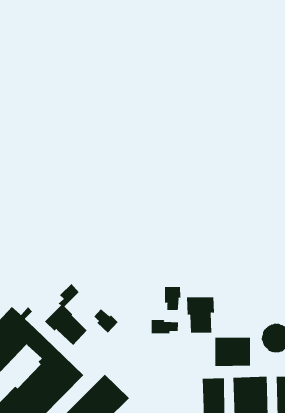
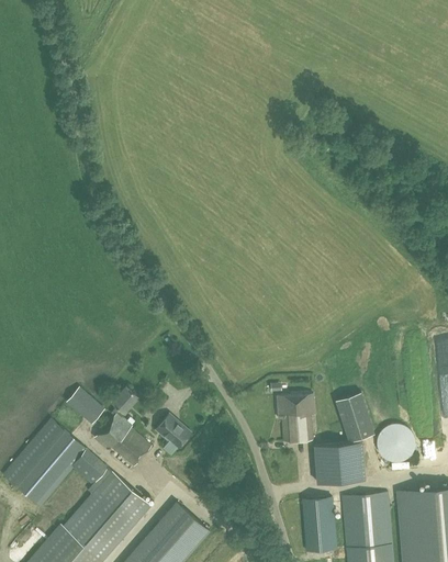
building: none -> [67,387,104,424]
building: [164,286,181,311] -> none
building: none -> [335,393,373,443]
building: [151,319,178,334] -> none

